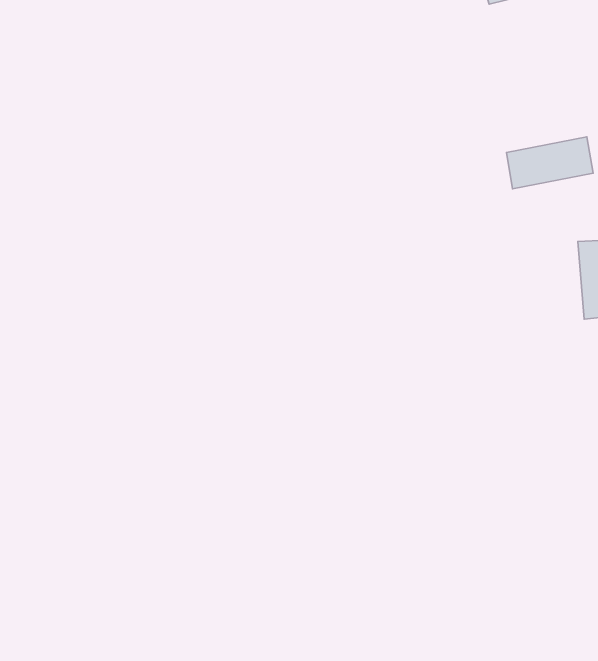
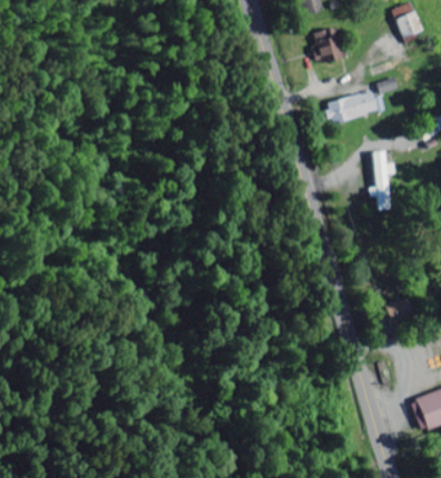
building: none -> [318,29,347,61]

